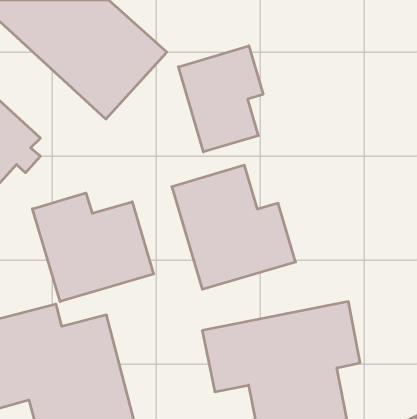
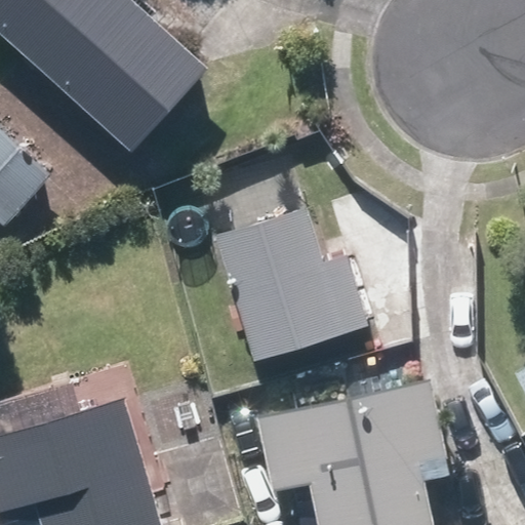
building: [178,46,263,152] -> none
building: [32,193,154,302] -> none

